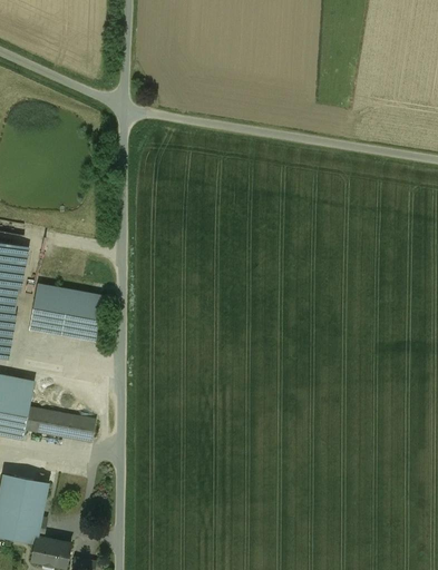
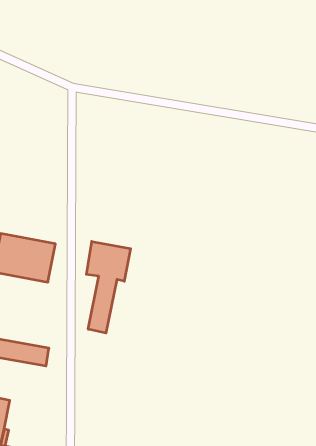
building: none -> [86,241,131,333]

